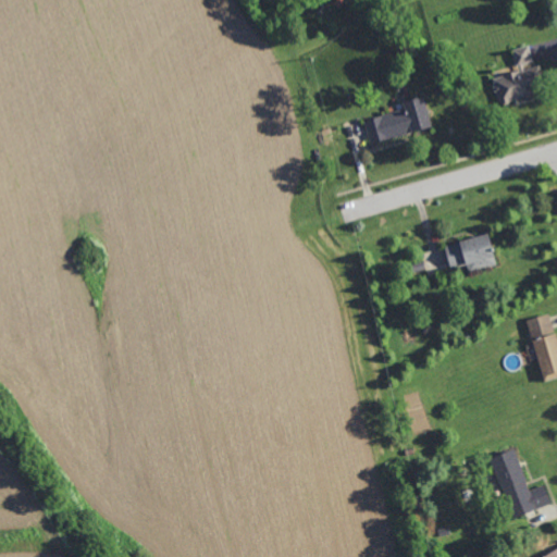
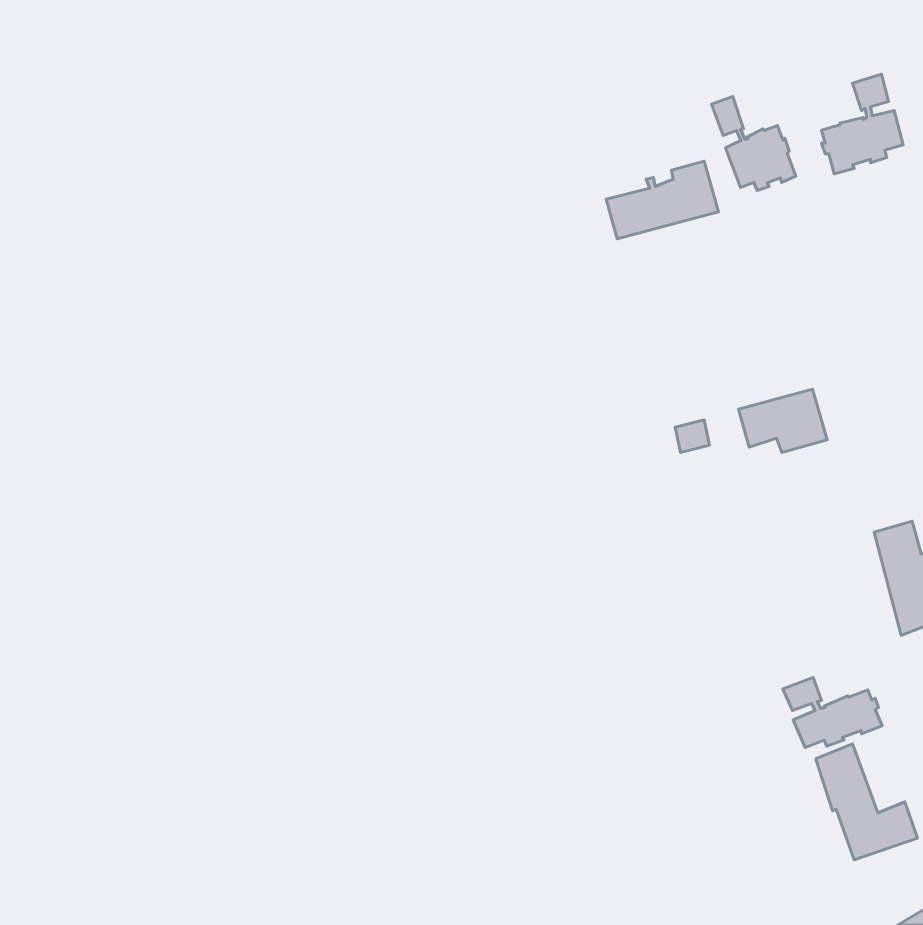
building: none -> [711,96,796,191]
building: none -> [783,677,882,747]

